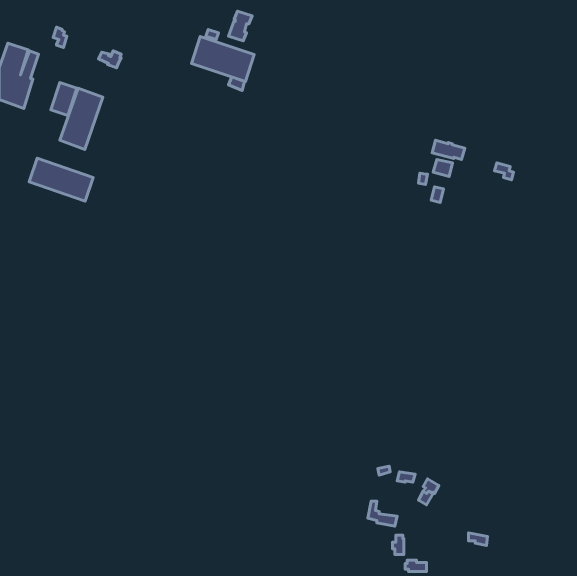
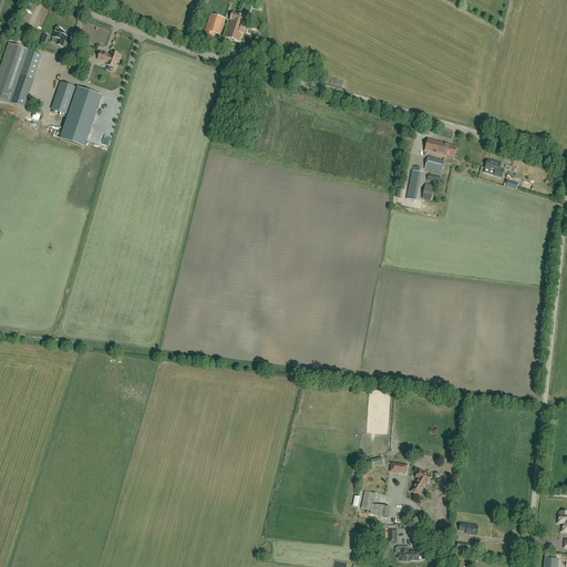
building: [192,36,254,82] -> none
building: [29,158,93,201] -> none

